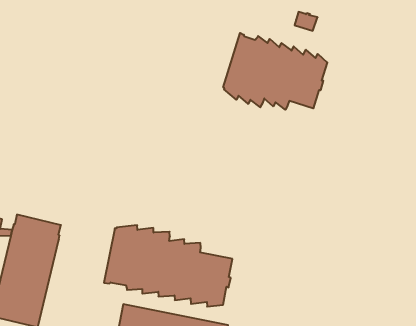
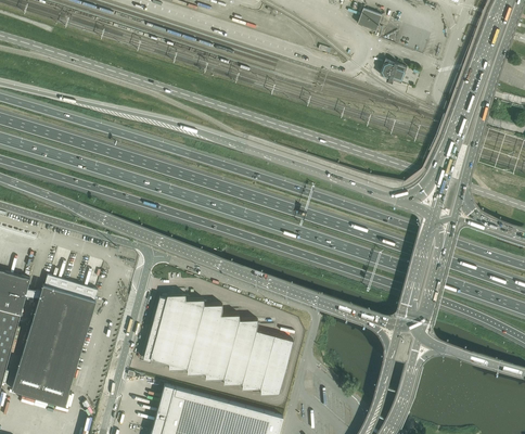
building: [223,33,327,110] -> none

